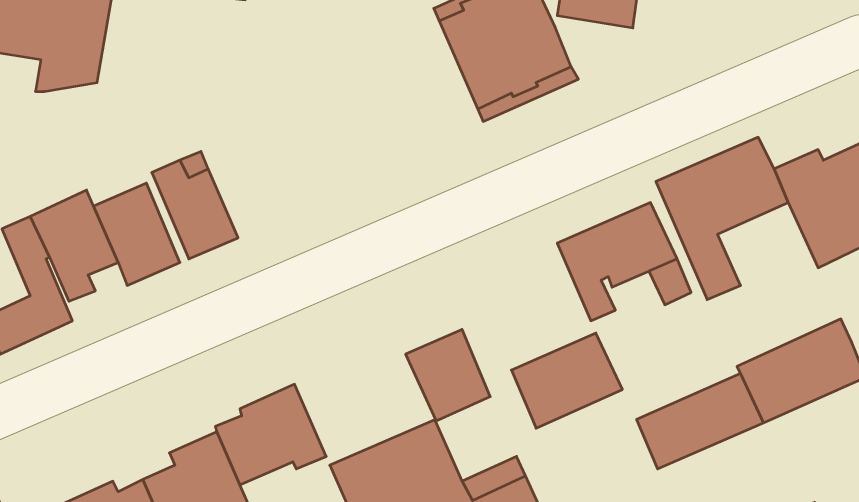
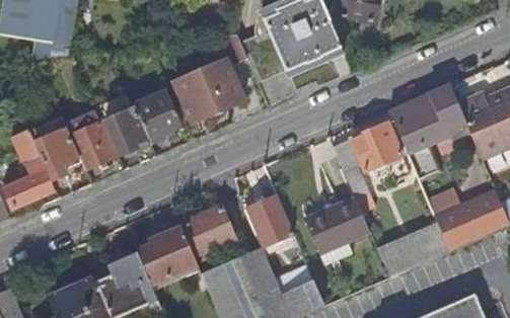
building: none -> [174,57,245,122]
building: none -> [135,84,183,141]
building: none -> [185,206,234,254]

